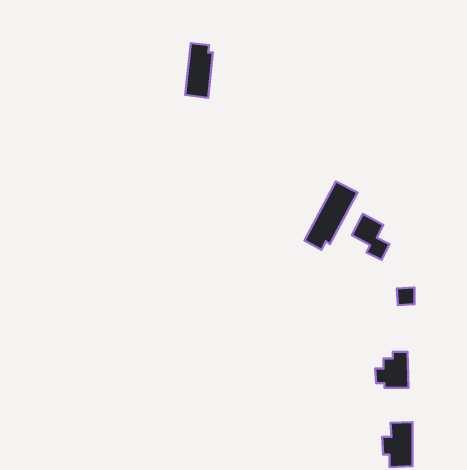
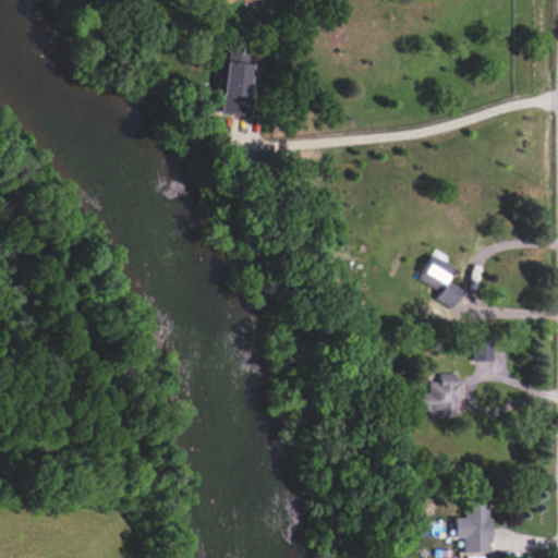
building: [305,181,357,250] -> none
building: [375,352,408,388] -> [422,374,461,416]

